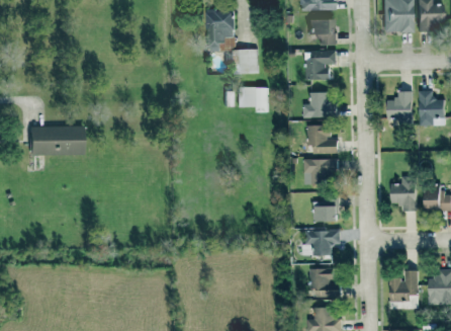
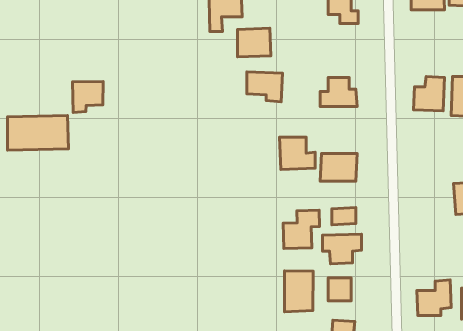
building: [311,51,338,79] -> none
building: none -> [72,82,103,112]
building: [306,126,338,154] -> [280,137,315,169]
building: [390,176,417,212] -> none
building: none -> [283,210,320,249]
building: none -> [285,271,313,312]

